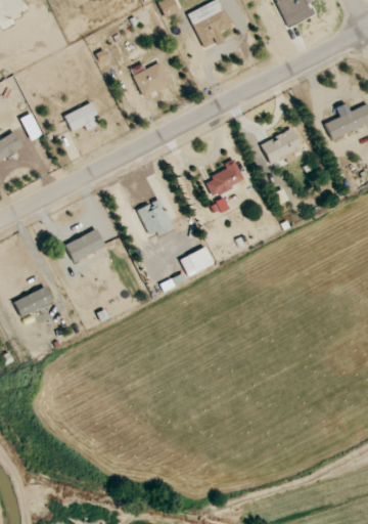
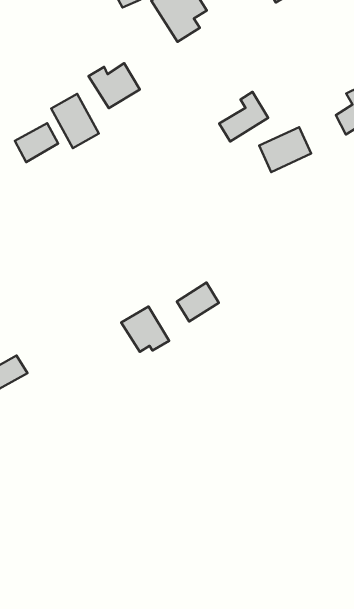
building: none -> [51,94,99,148]
building: [204,159,244,196] -> [219,92,268,141]
building: [137,200,174,235] -> [121,306,169,352]
building: [65,230,105,261] -> none

